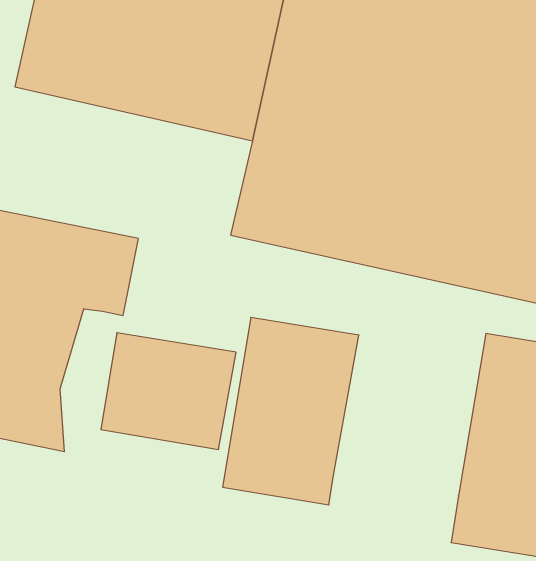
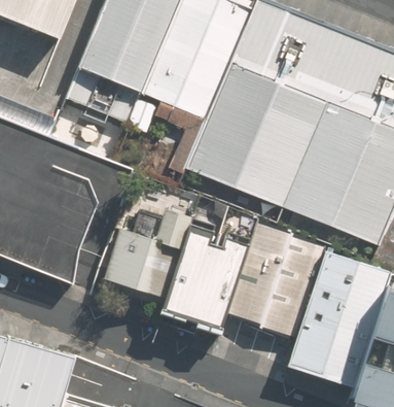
building: none -> [224,218,326,340]

